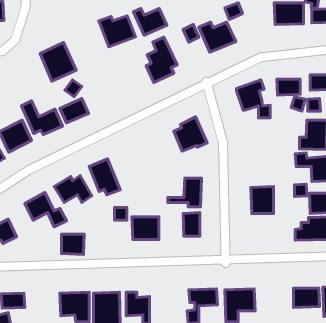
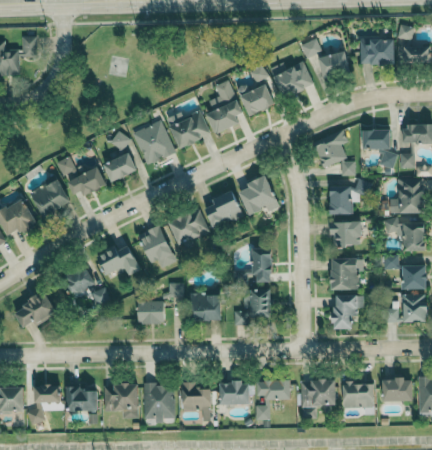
building: [133,8,167,35] -> [236,84,276,116]
building: none -> [318,51,350,79]
building: [99,16,136,47] -> [166,111,210,148]
building: [40,42,76,81] -> [132,120,175,166]
building: none -> [330,186,358,215]
building: none -> [204,190,244,230]
building: none -> [168,209,209,245]
building: none -> [329,222,362,247]
building: none -> [334,295,358,329]
building: [62,234,84,254] -> [138,301,165,325]
building: none -> [219,382,250,405]
building: none -> [342,383,374,409]
building: none -> [66,388,97,412]

